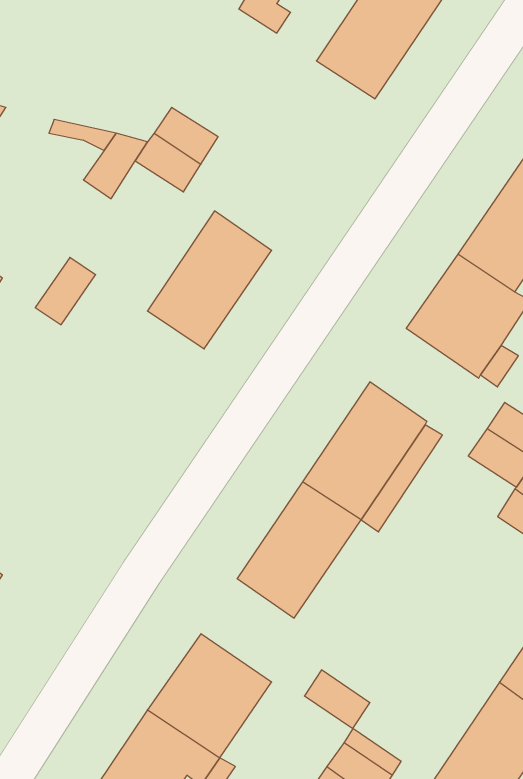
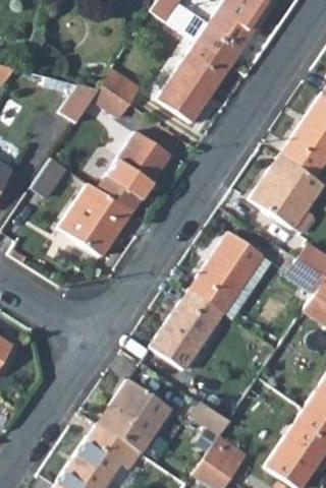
building: none -> [159,42,232,123]
building: none -> [59,183,131,256]

